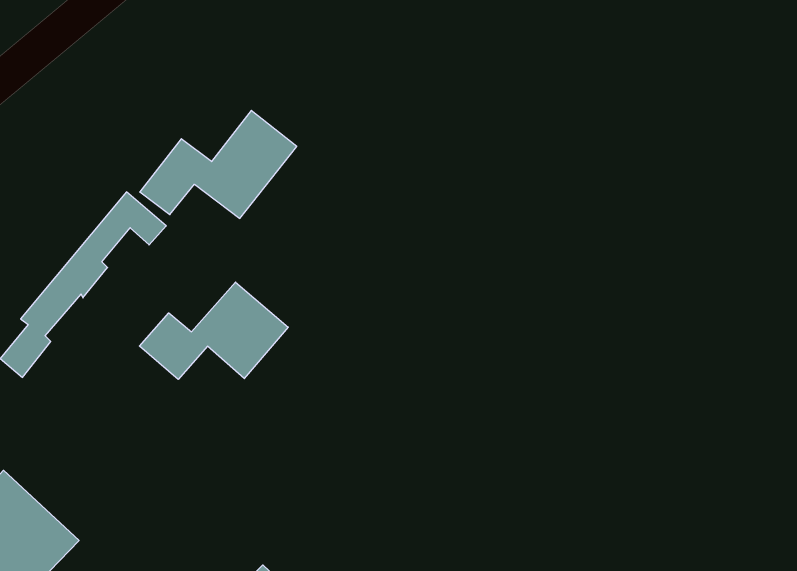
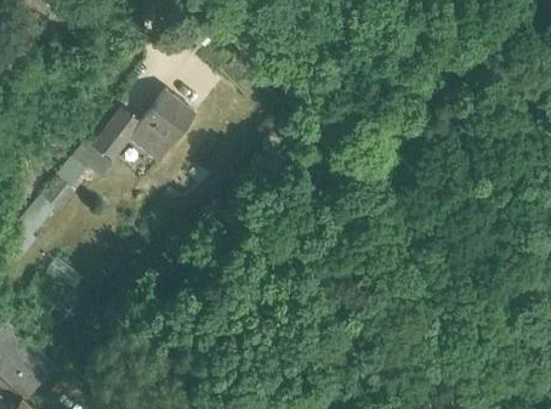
building: [139,282,288,379] -> none

